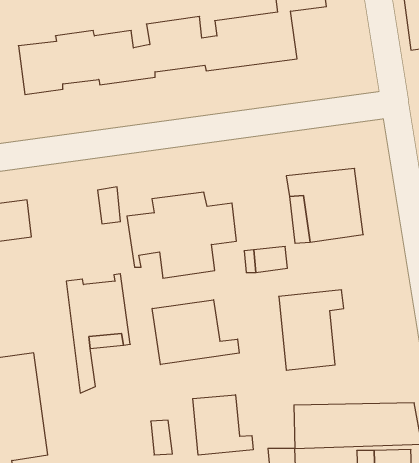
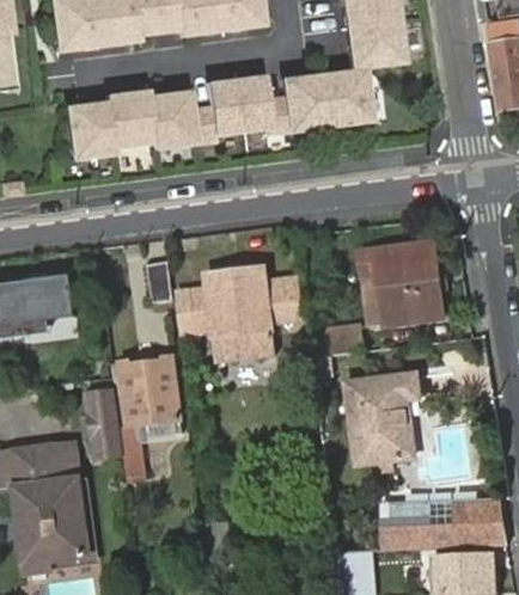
building: [152,300,239,365] -> none
building: none -> [90,392,122,456]
building: [193,395,253,455] -> none

